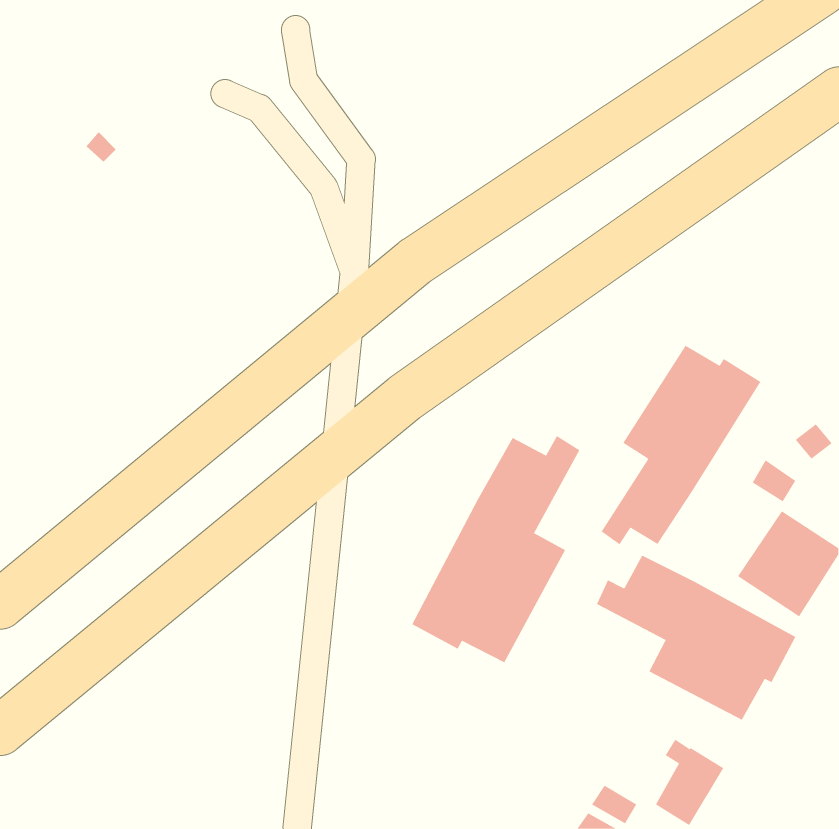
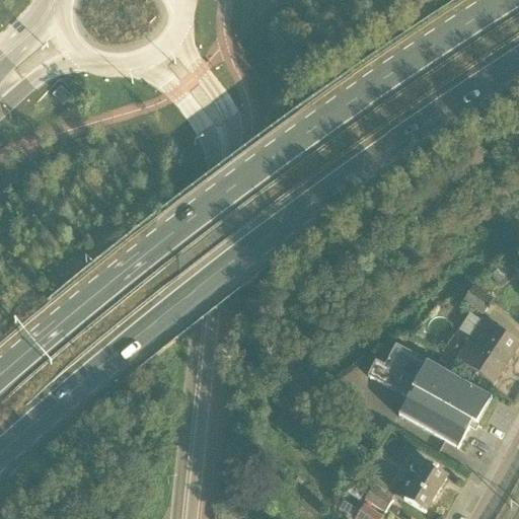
building: [601,345,761,545] -> none
building: [411,435,580,663] -> none

